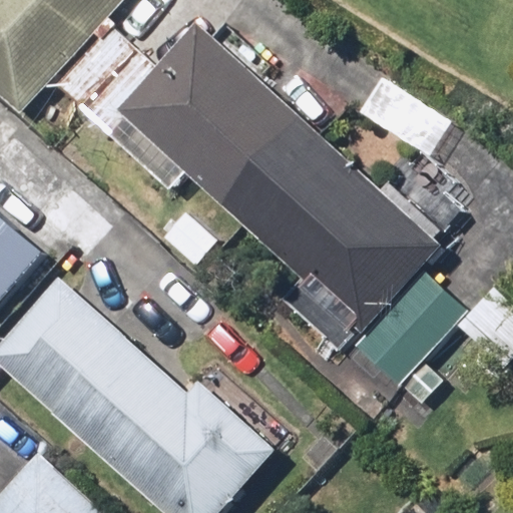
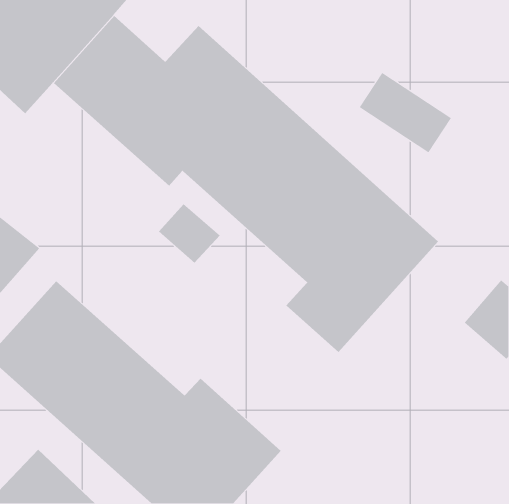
building: [355,265,473,402] -> none

